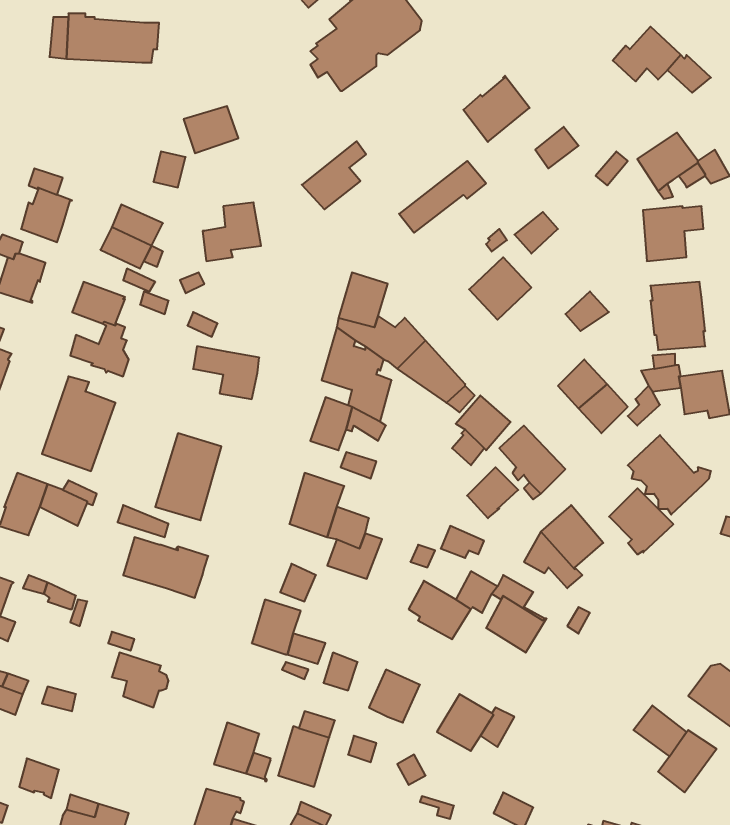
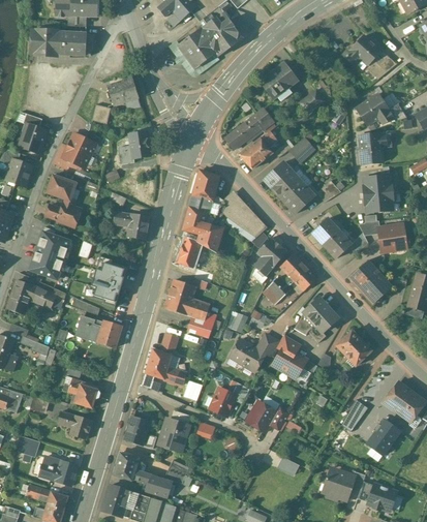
building: [302,141,366,209] -> [240,131,275,168]
building: none -> [279,179,314,214]
building: [609,488,673,554] -> [336,331,371,367]
building: none -> [57,411,91,439]

